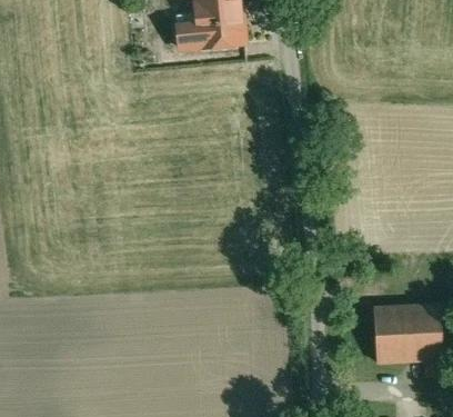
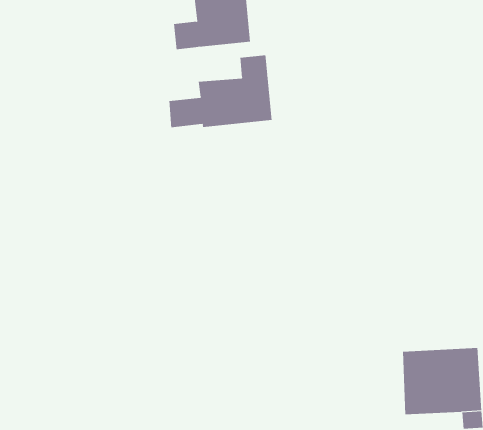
building: none -> [169,55,272,128]

